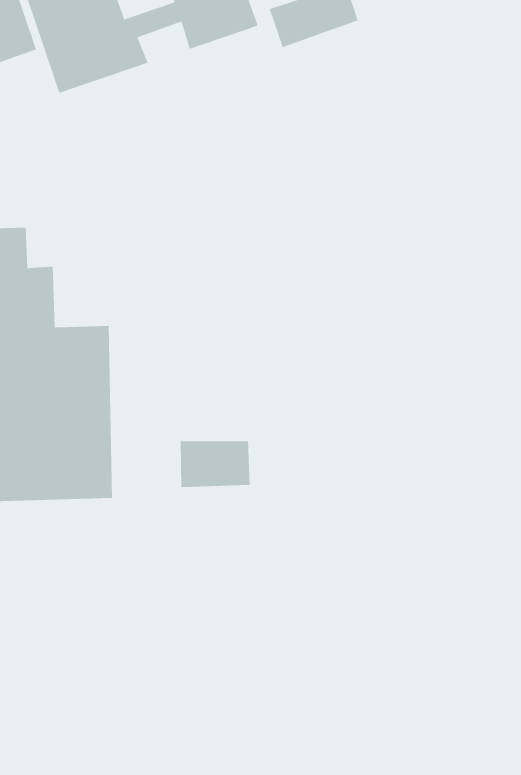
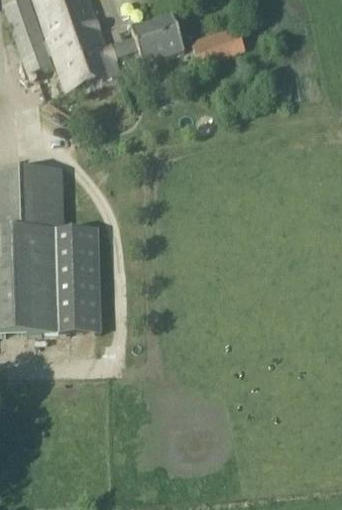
building: [180,440,250,488] -> none

